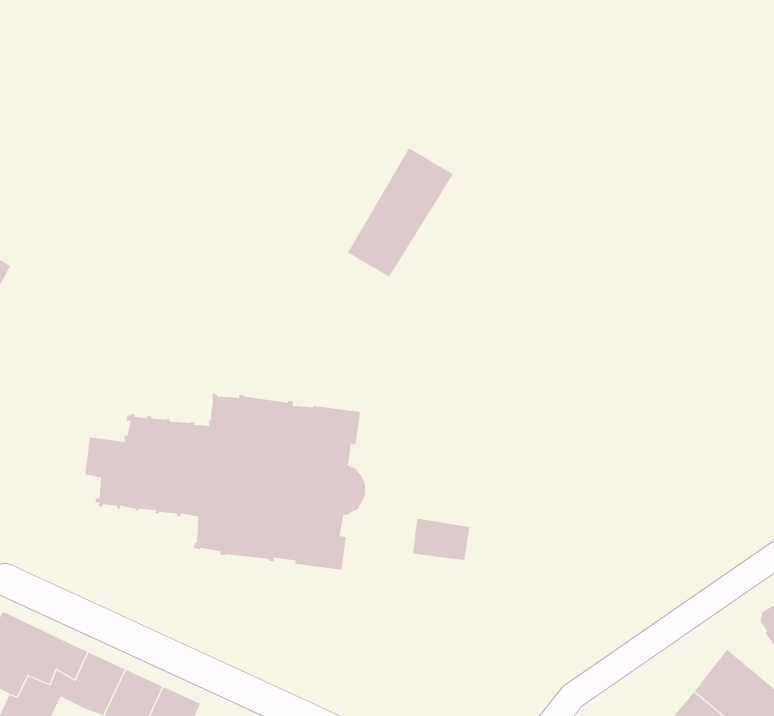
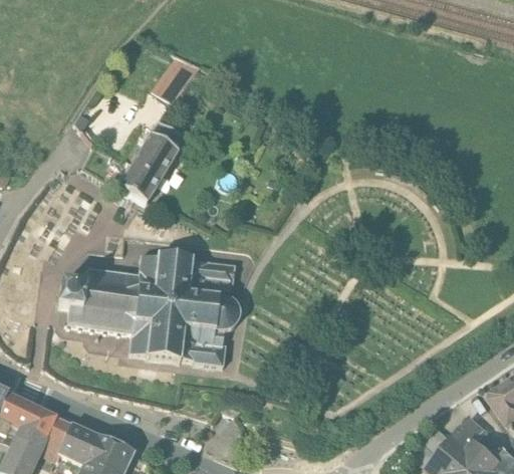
building: none -> [156,56,199,104]
building: [347,147,454,278] -> [118,121,187,204]
building: [412,518,470,561] -> none

